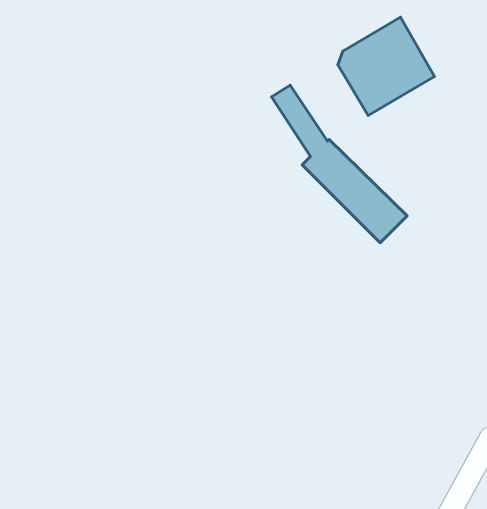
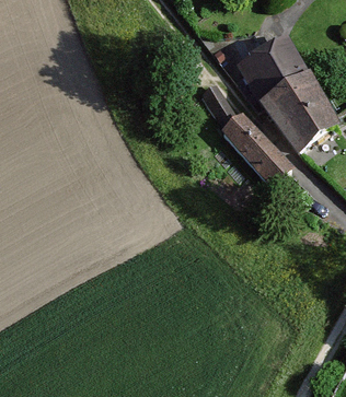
building: none -> [266,80,334,149]

